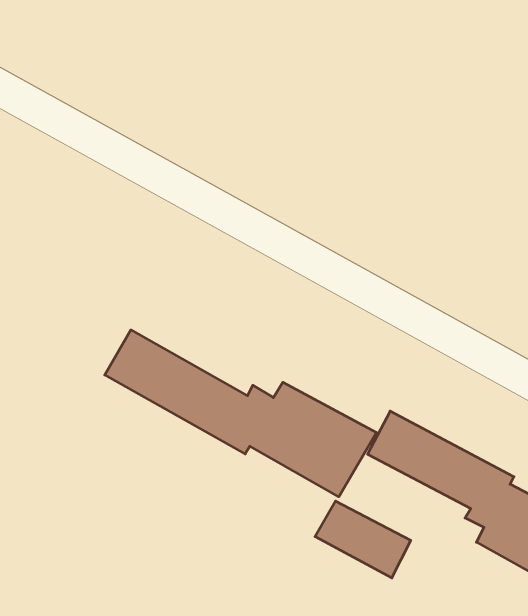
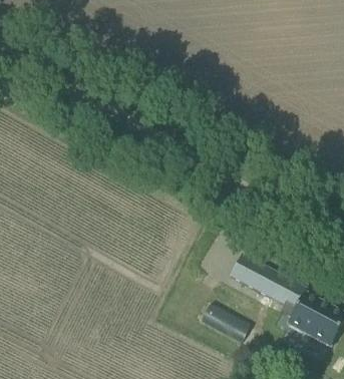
building: [105,330,376,497] -> none

